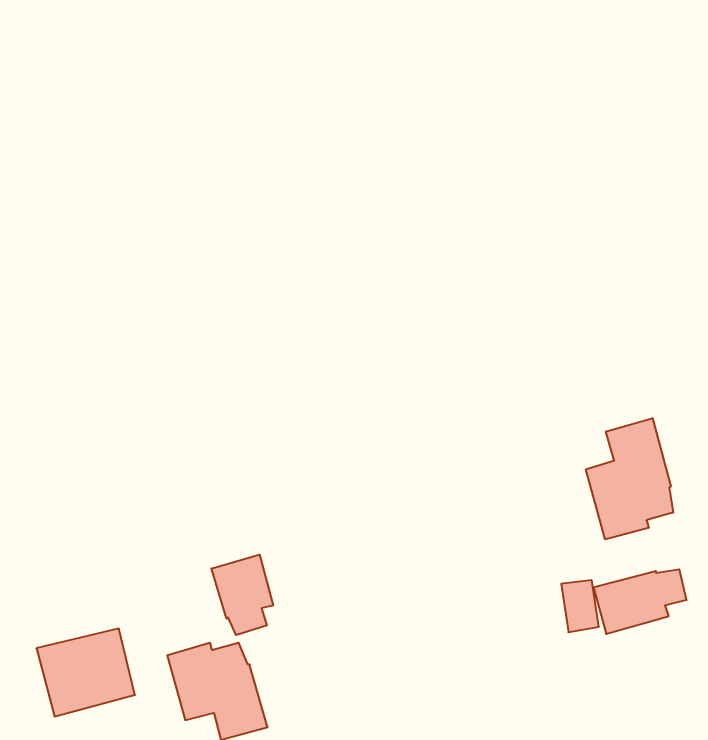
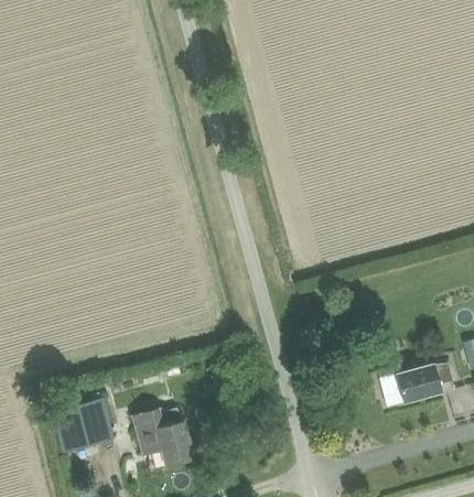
building: [586,418,673,539] -> none
building: [211,555,273,635] -> none

